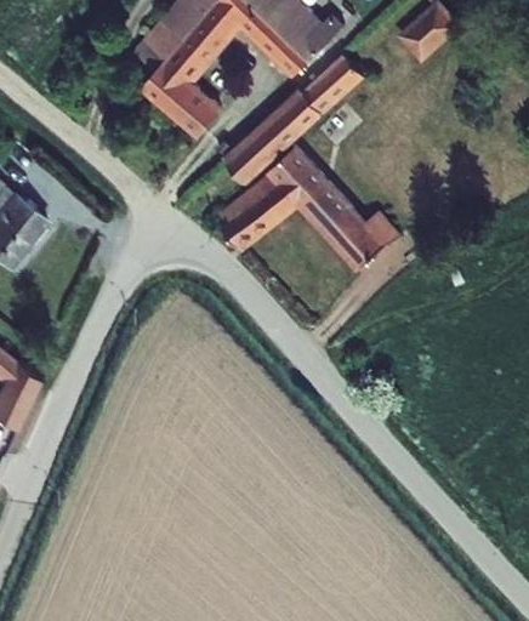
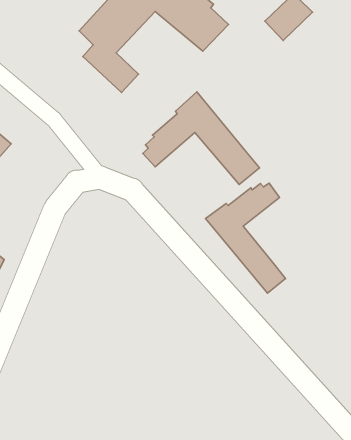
building: [229,49,359,181] -> none
building: none -> [206,183,285,293]

